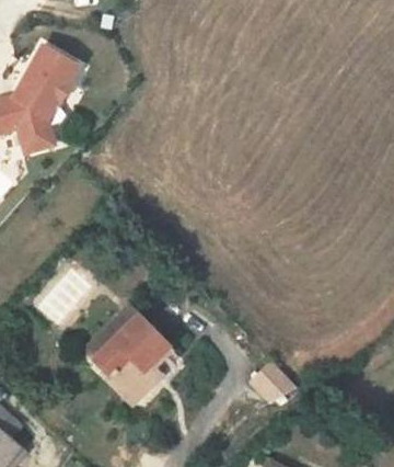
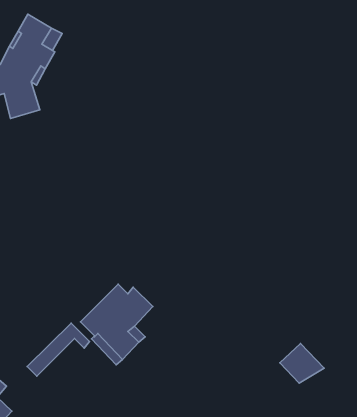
building: [86,306,150,360] -> [27,323,90,376]
building: [253,362,298,402] -> [280,344,324,383]

